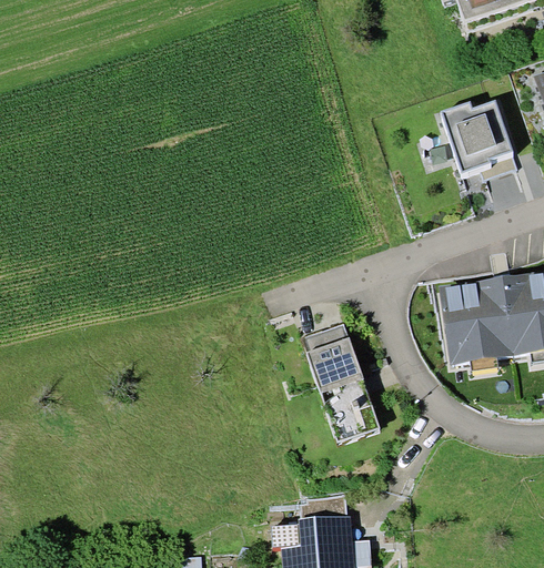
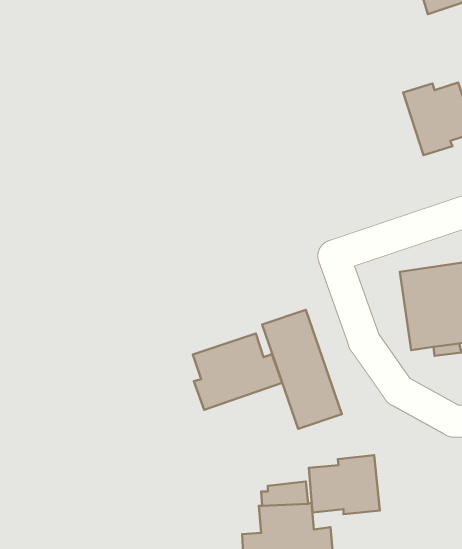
building: none -> [193,334,282,410]
building: none -> [309,455,380,514]

